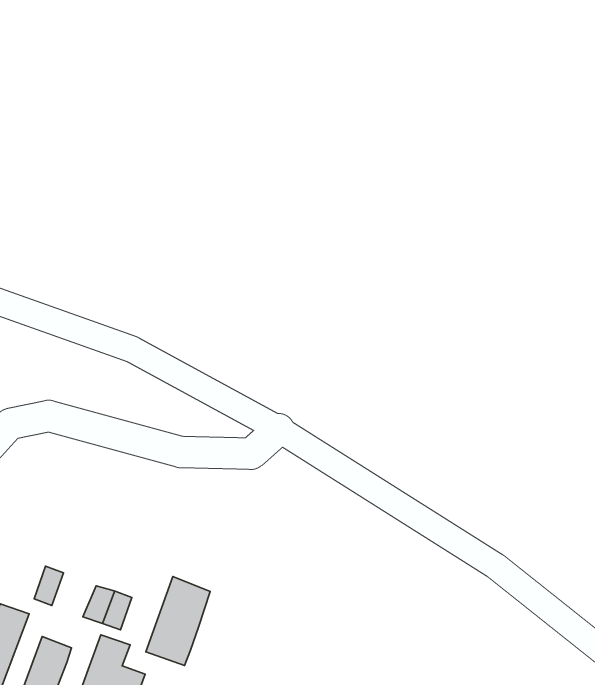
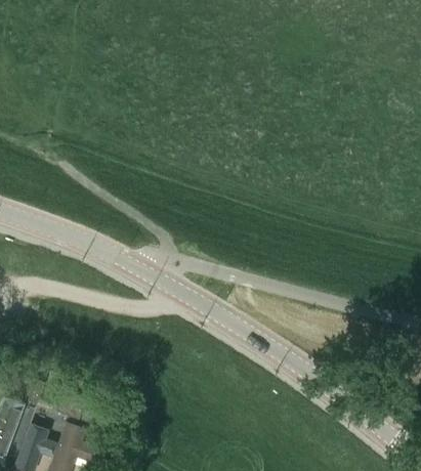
building: [146,577,210,665] -> none

